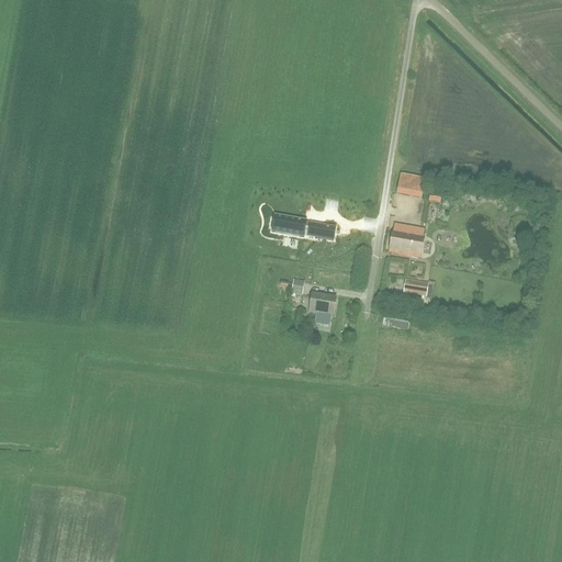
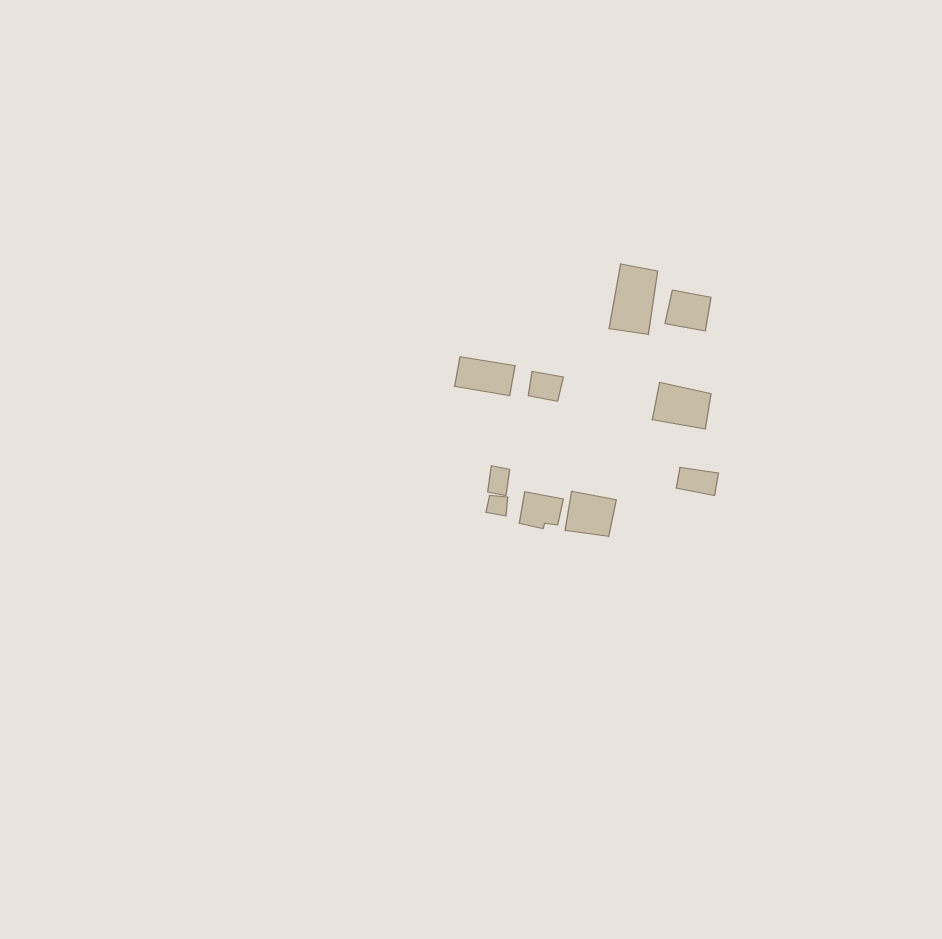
building: none -> [609,264,657,335]
building: none -> [565,491,616,537]

